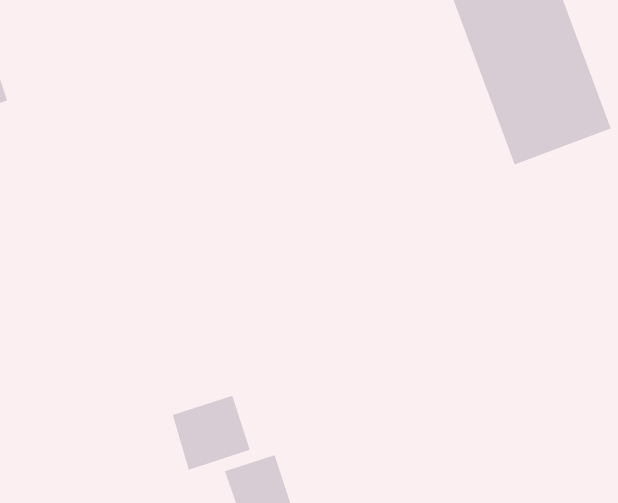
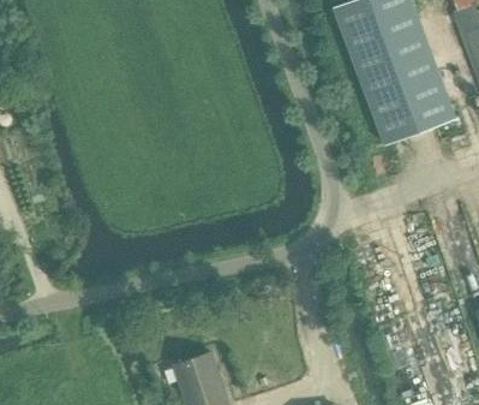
building: [172,395,251,471] -> none

